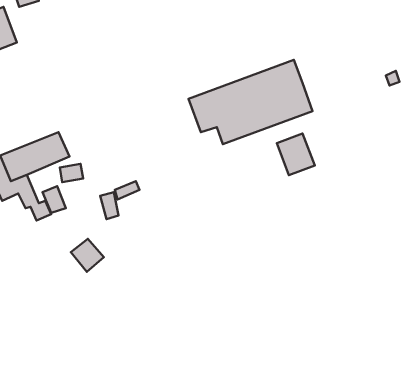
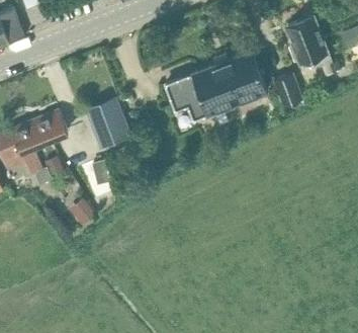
building: none -> [285,14,330,64]
building: none -> [84,98,130,151]
building: [277,133,315,175] -> [271,73,302,107]

